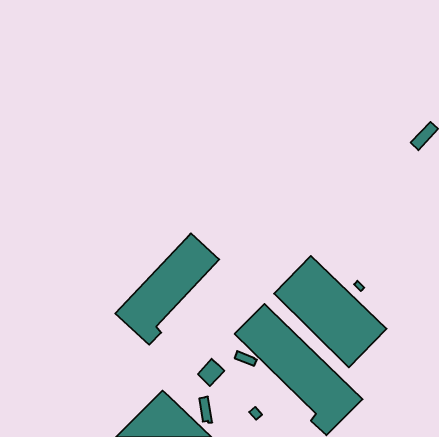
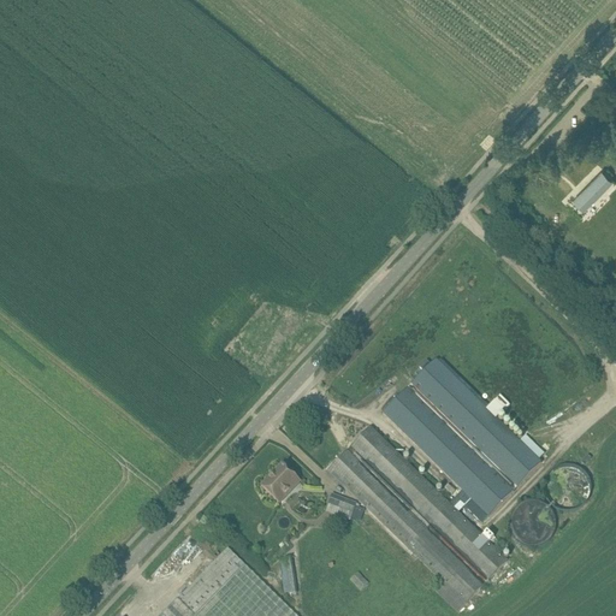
building: [115,233,219,345] -> none
building: [198,359,224,386] -> [262,463,300,502]

